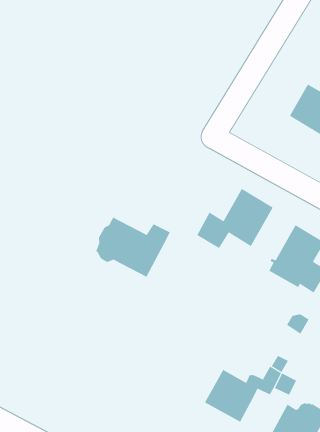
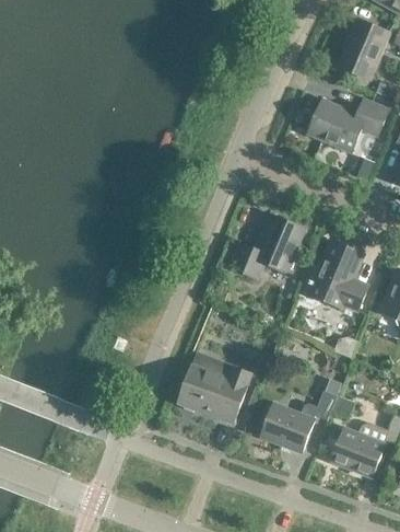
building: [95,217,170,278] -> [178,366,251,423]

